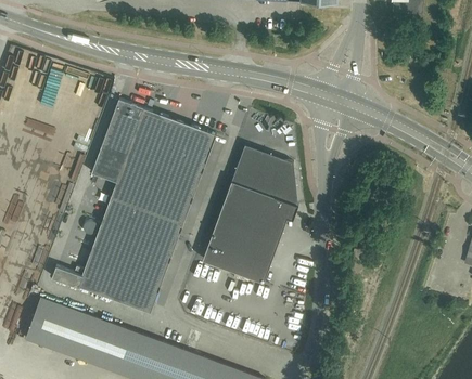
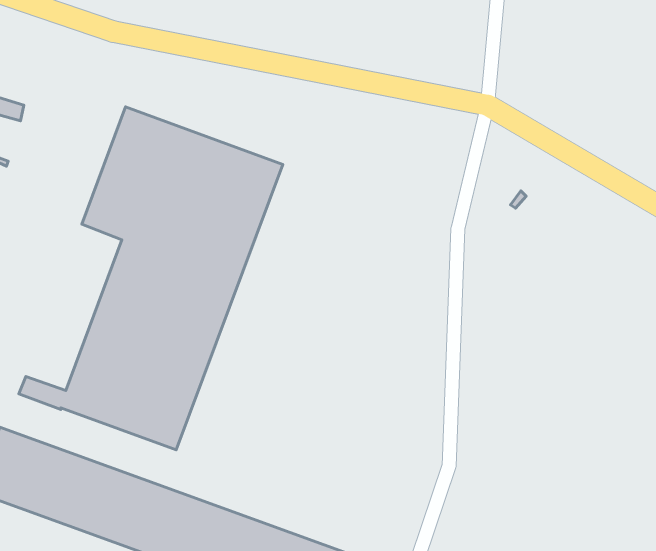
building: [203,144,299,282] -> none

